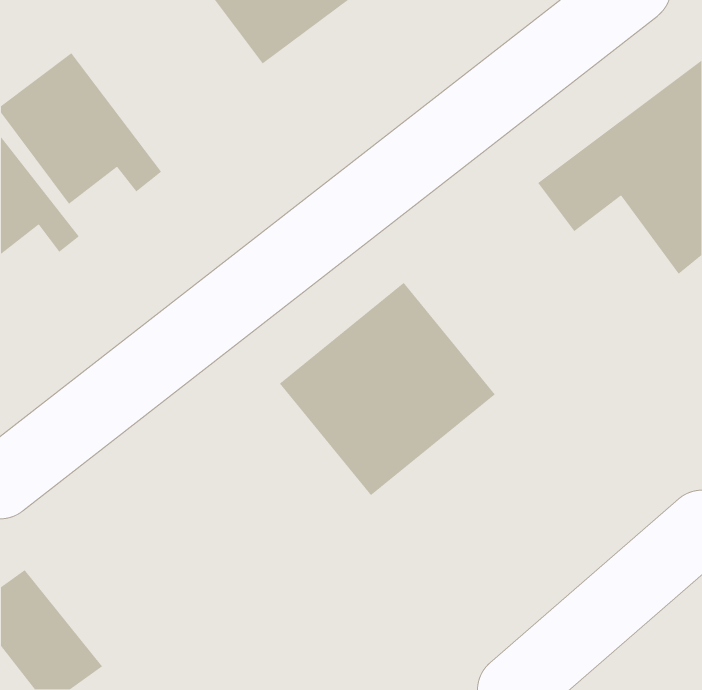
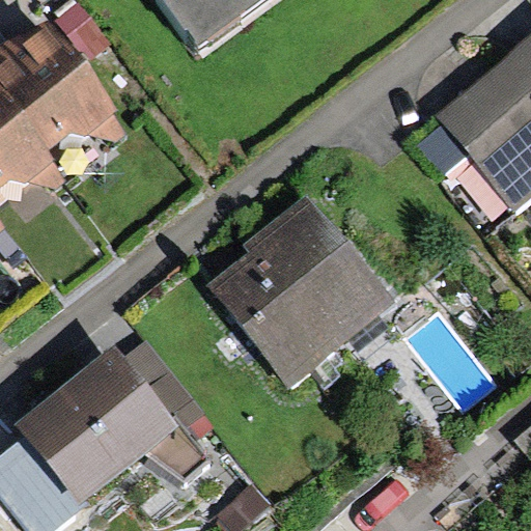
building: none -> [21,331,209,494]

